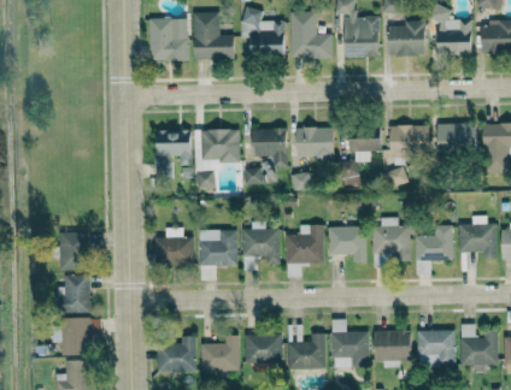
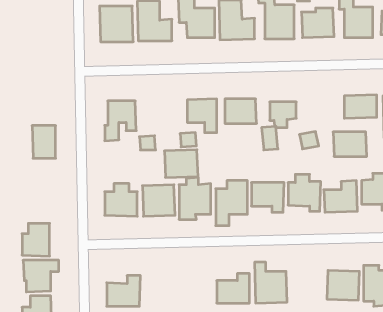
building: [389,125,429,154] -> [333,132,367,156]
building: [200,129,240,161] -> [164,150,198,177]
building: [59,231,87,270] -> [32,126,56,158]
building: [374,330,412,360] -> none
building: [200,332,239,371] -> none
building: [243,333,282,364] -> none

